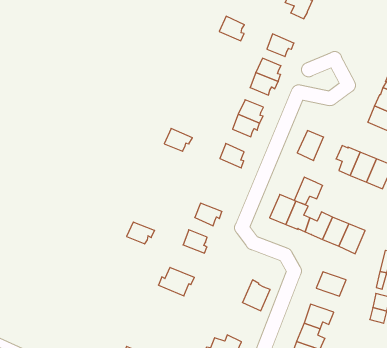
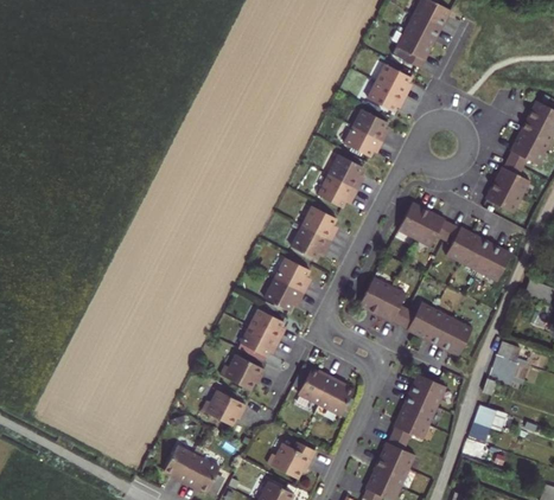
building: [219,16,244,41] -> [378,65,409,96]
building: [164,128,192,151] -> [294,229,329,257]
building: [294,177,323,204] -> [416,212,452,245]
building: none -> [276,263,307,293]
building: [127,222,155,244] -> [242,329,276,357]
building: none -> [297,368,332,404]
building: none -> [400,393,435,424]
building: none -> [199,391,243,427]

